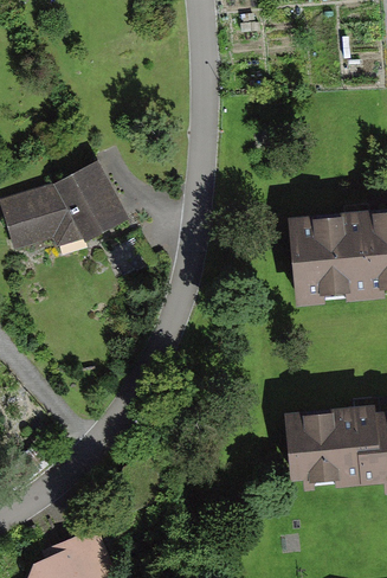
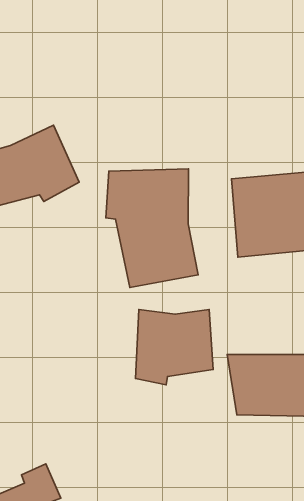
building: none -> [106,169,198,287]
building: none -> [136,310,213,385]

